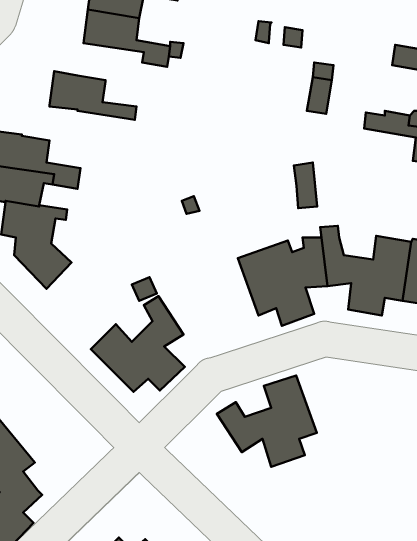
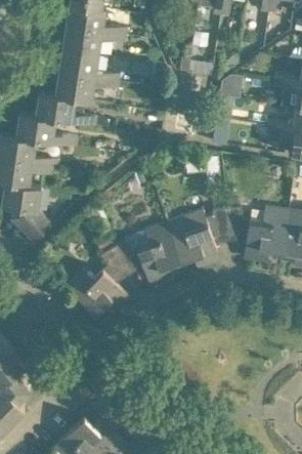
building: none -> [55,73,101,101]
building: none -> [16,114,77,147]
building: [217,376,317,467] -> [112,222,181,286]

